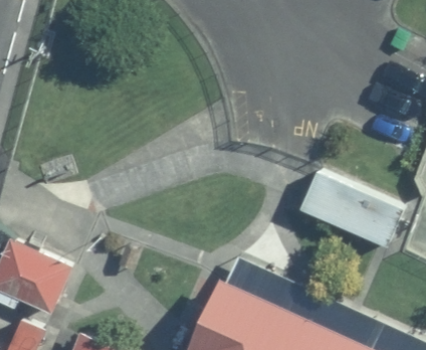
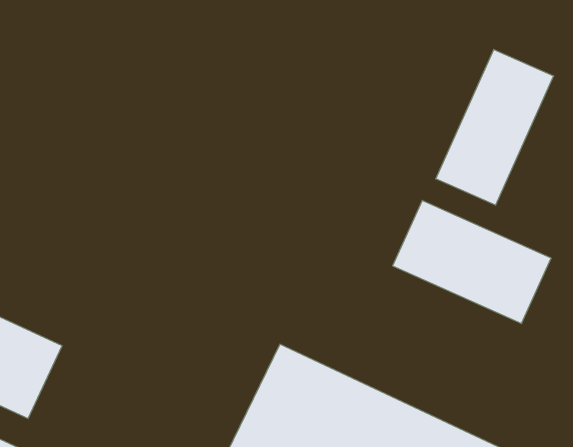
building: none -> [436,49,554,205]

